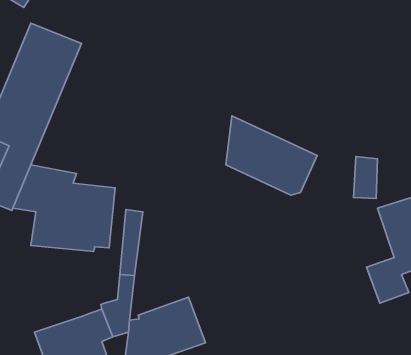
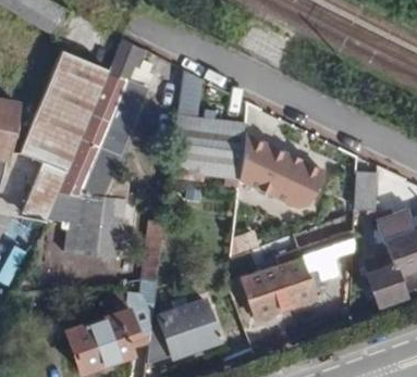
building: none -> [63,39,151,187]
building: none -> [171,71,246,179]
building: none -> [242,229,354,318]

